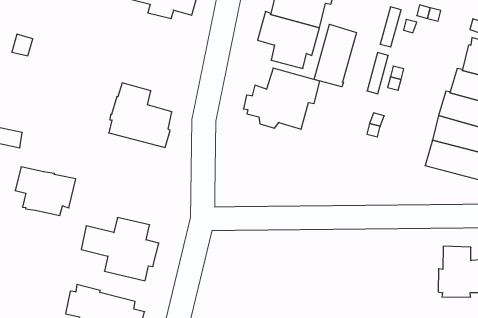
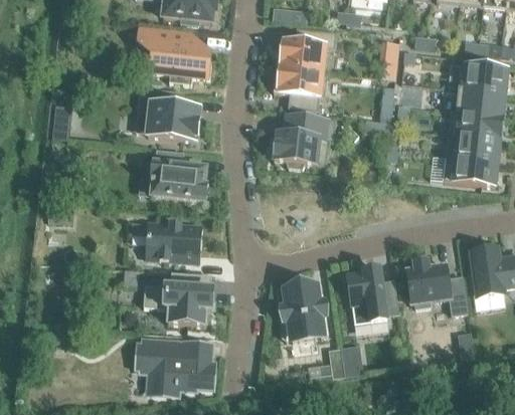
building: none -> [139,86,198,140]
building: [314,24,357,87] -> none
building: [15,167,76,215] -> [147,222,200,260]
building: none -> [405,260,466,314]
building: none -> [347,268,398,324]
building: none -> [281,283,328,340]

